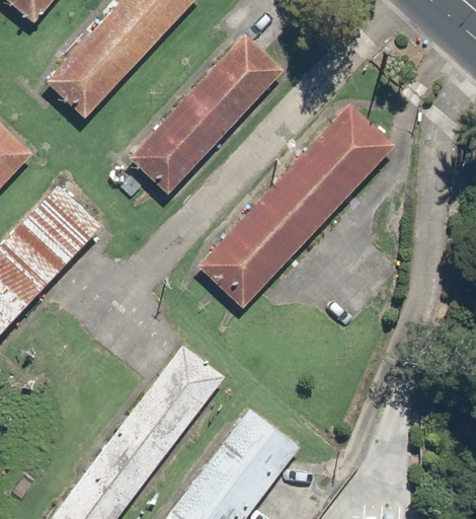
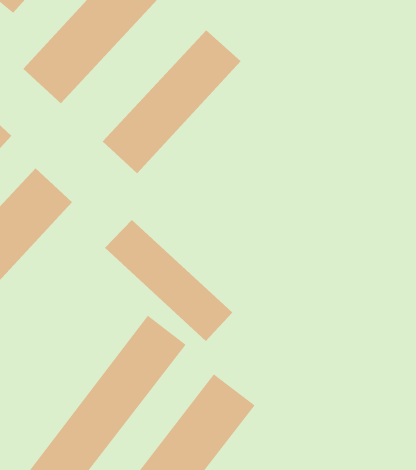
building: [199,102,395,308] -> none
building: none -> [104,219,233,342]

